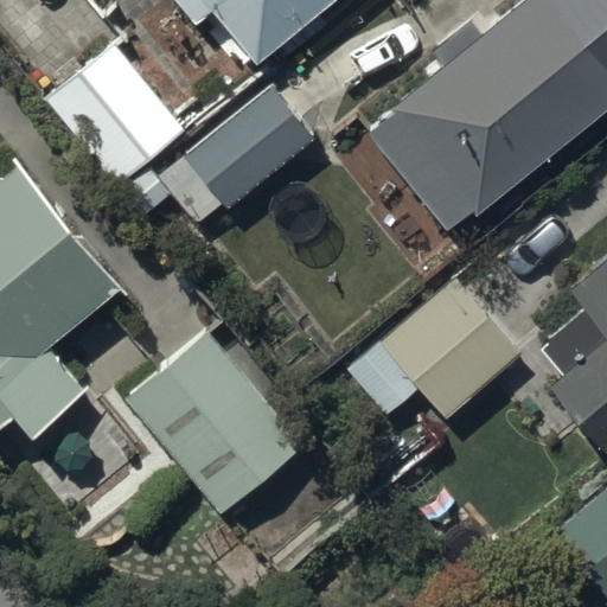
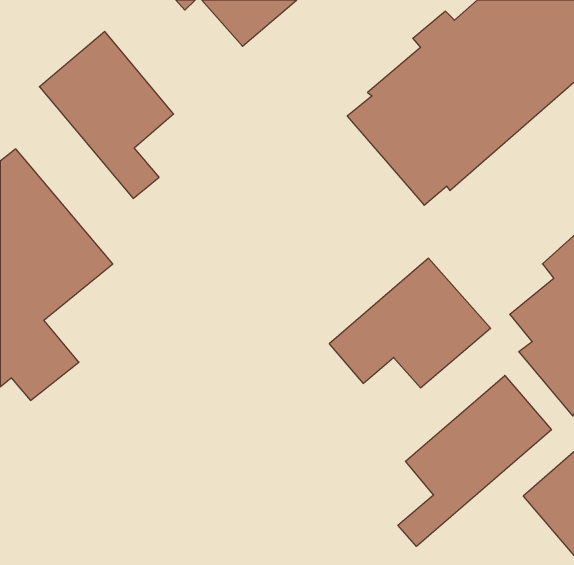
building: [158,89,312,225] -> none
building: [128,326,312,513] -> none
building: none -> [398,375,551,546]

